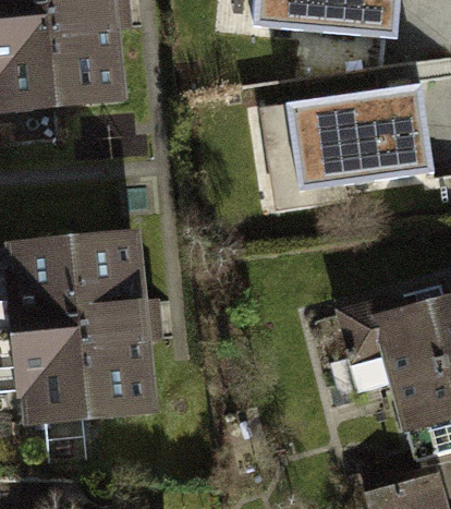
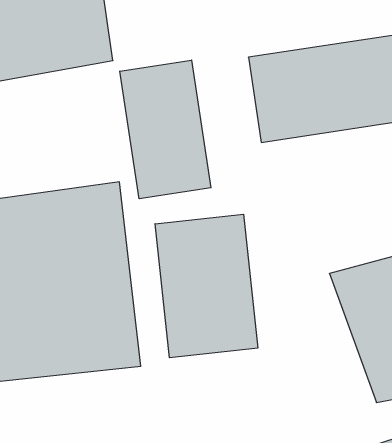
building: none -> [120,60,211,199]
building: none -> [155,214,258,358]

